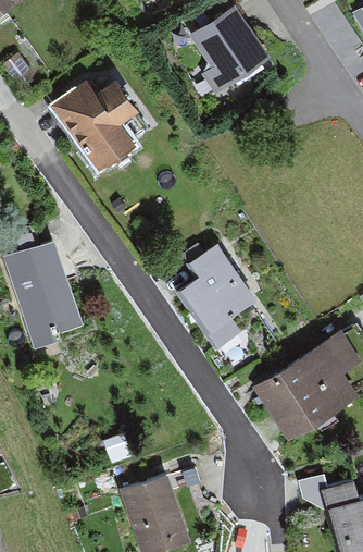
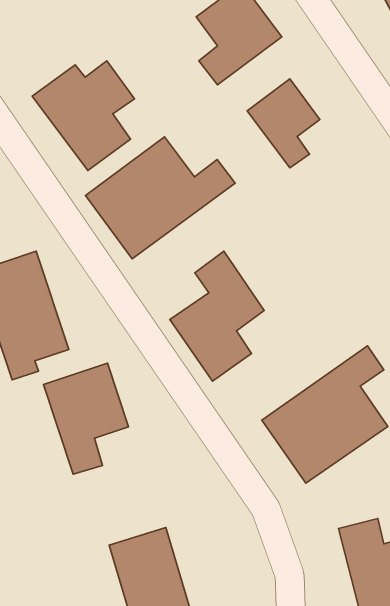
building: none -> [247,79,320,168]
building: none -> [85,137,235,259]
building: none -> [43,363,129,474]

